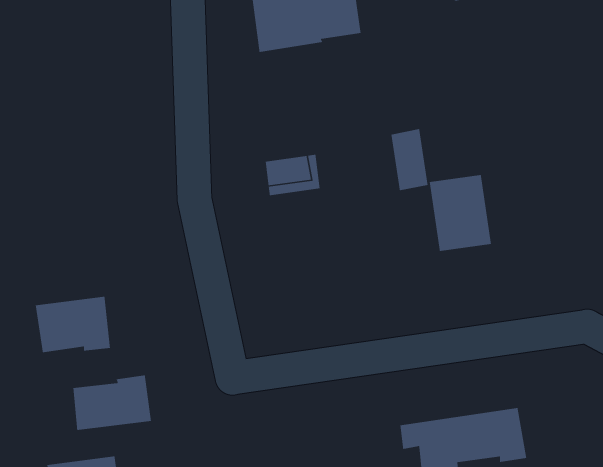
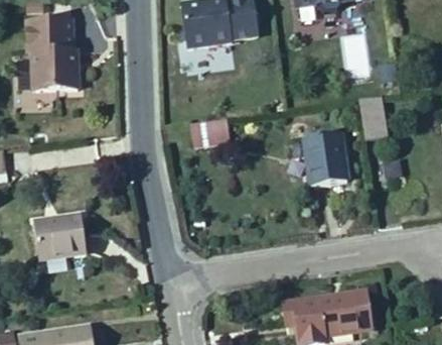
building: none -> [27,18,79,90]
building: [391,128,429,191] -> [358,95,385,138]
building: [73,375,152,431] -> none

